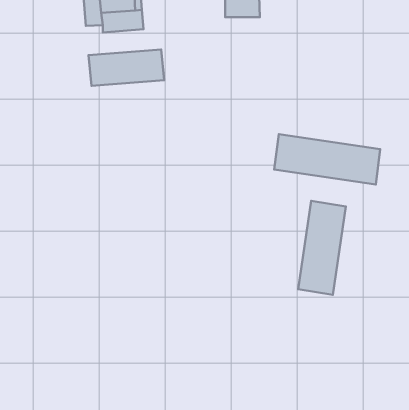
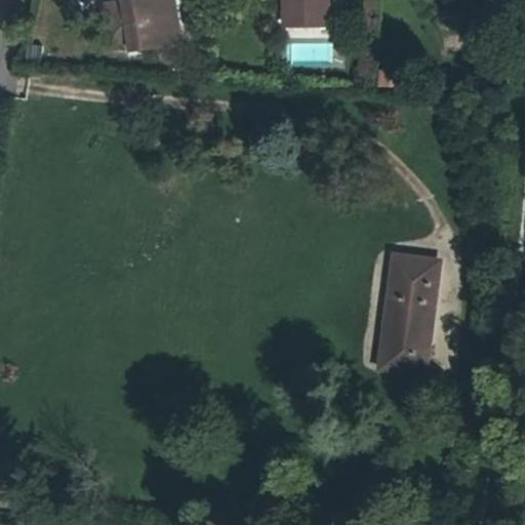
building: [89,49,164,86] -> none
building: [274,134,380,185] -> none

